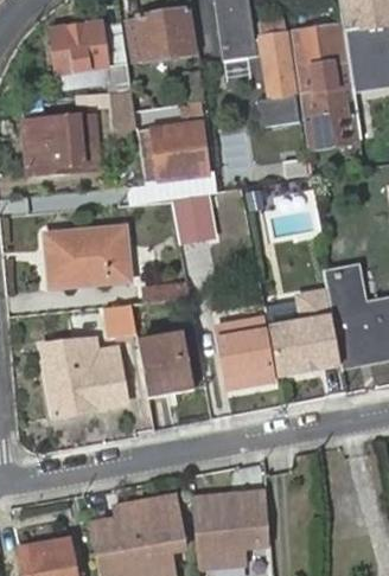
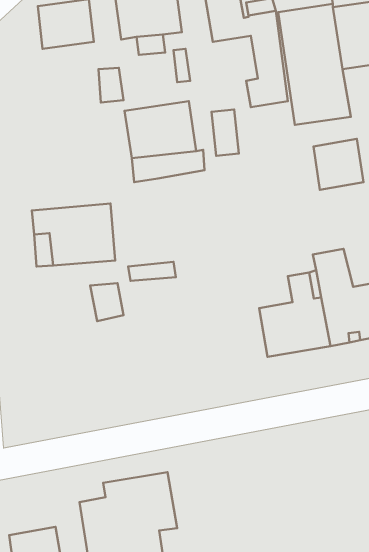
building: [23,114,100,174] -> none
building: none -> [313,139,363,190]
building: [174,197,212,242] -> none
building: [216,321,274,388] -> none
building: [135,332,191,396] -> none
building: [43,338,127,415] -> none
building: [194,488,272,565] -> none

